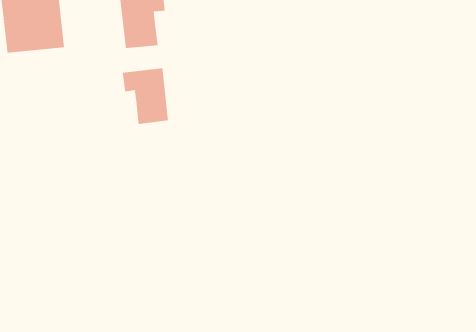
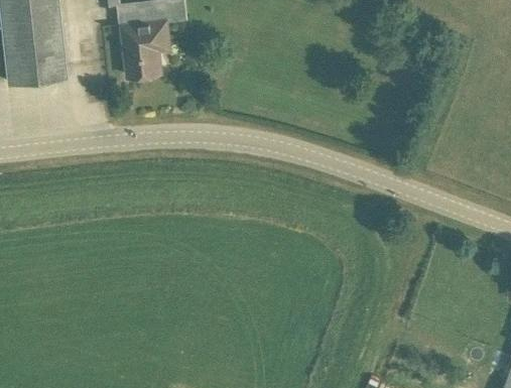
building: [122,68,169,125] -> none

